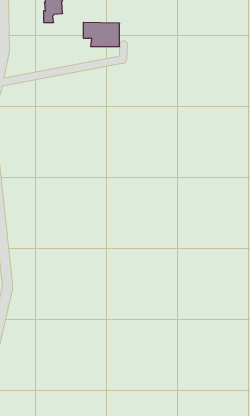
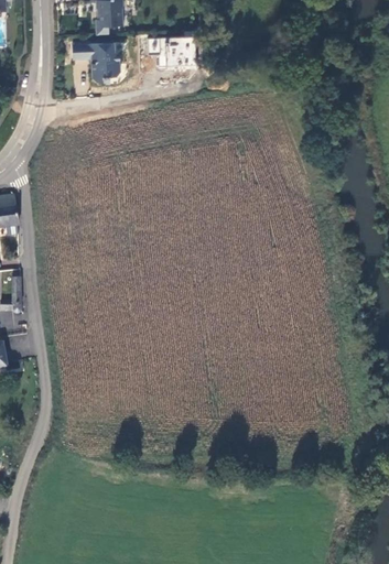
building: none -> [69,43,115,83]

